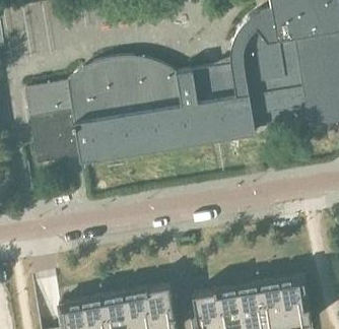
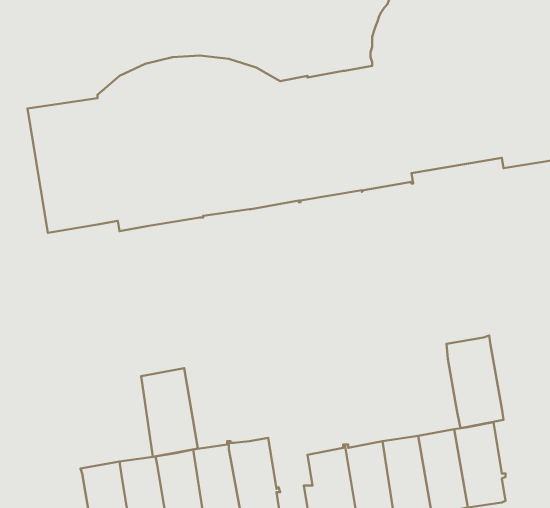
building: none -> [447,335,503,428]
building: none -> [141,368,198,457]

